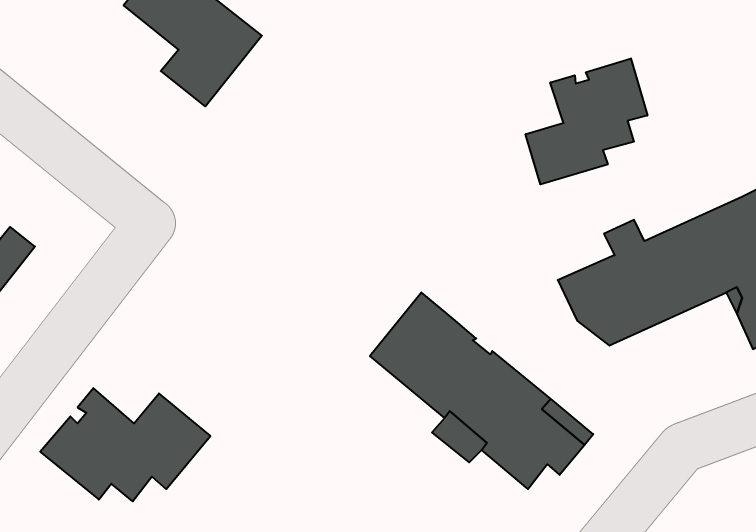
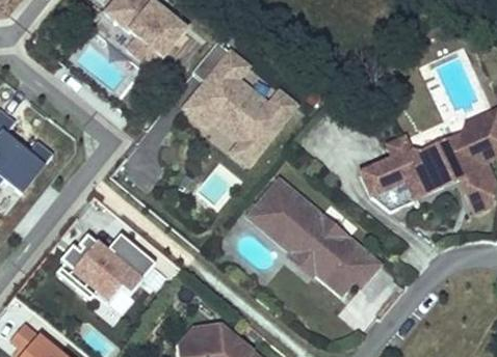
building: none -> [184,38,296,163]
building: [526,58,647,184] -> none

